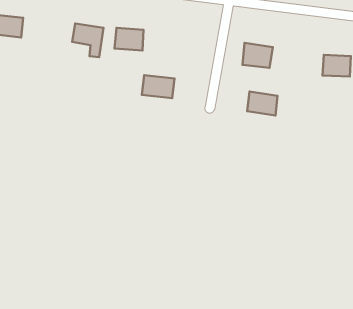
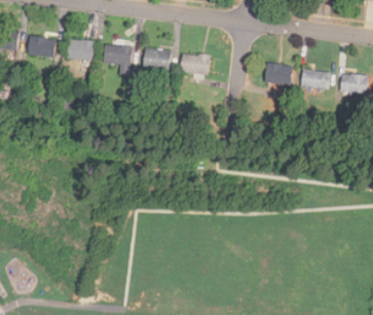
building: none -> [67,38,95,61]
building: [142,75,174,98] -> [180,52,211,74]
building: [247,92,278,116] -> [301,68,330,90]

